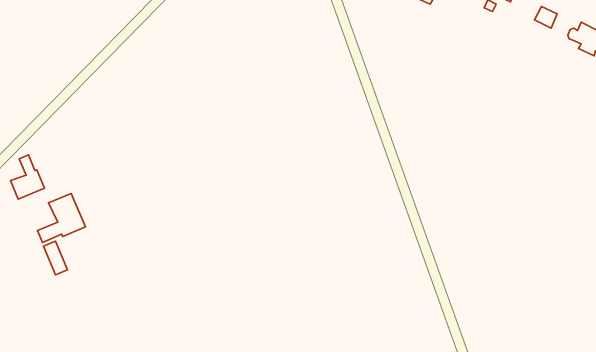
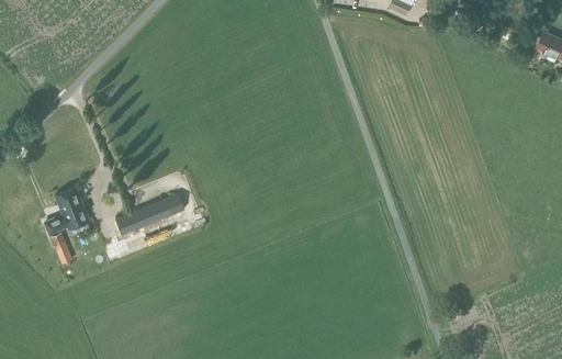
building: [10,155,44,199] -> none
building: none -> [115,197,175,236]

